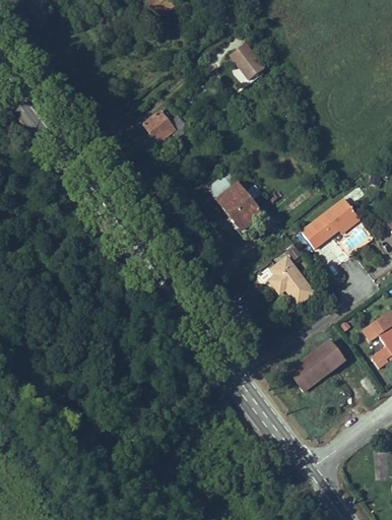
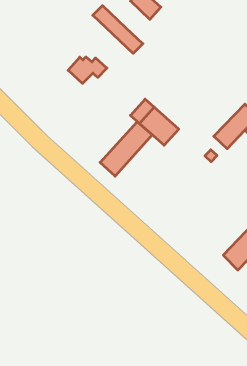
building: none -> [93,6,143,53]
building: none -> [100,122,152,176]
building: [269,257,313,305] -> none

